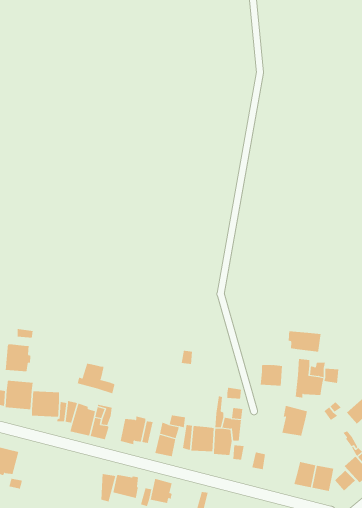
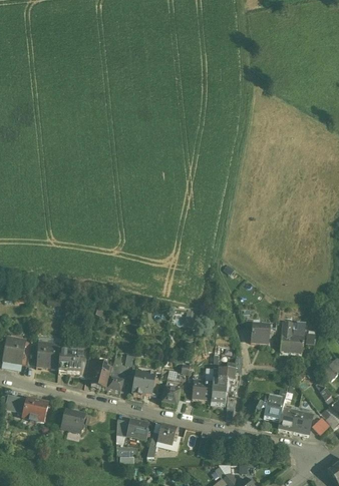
building: [288,331,321,353] -> none
building: [5,344,31,372] -> none
building: [77,363,115,394] -> none
building: [282,405,308,436] -> [263,395,285,421]
building: none -> [61,408,85,432]

